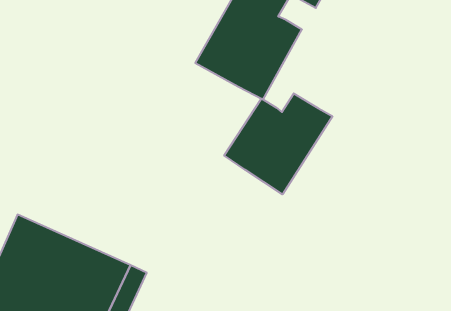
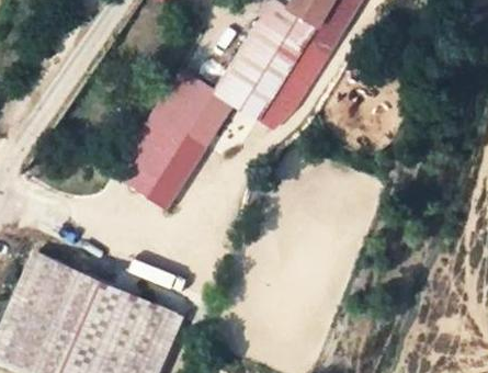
building: none -> [111,72,230,210]
building: [224,93,332,194] -> none

